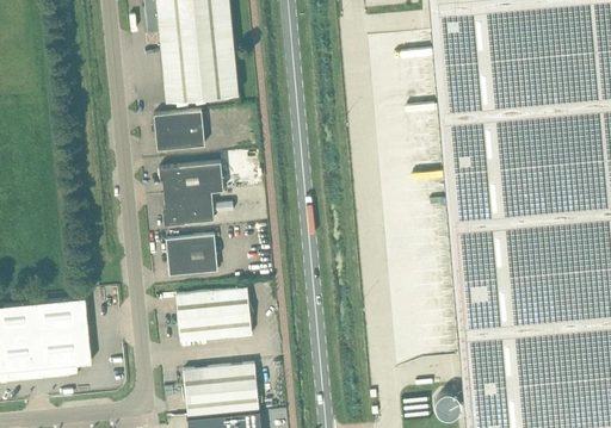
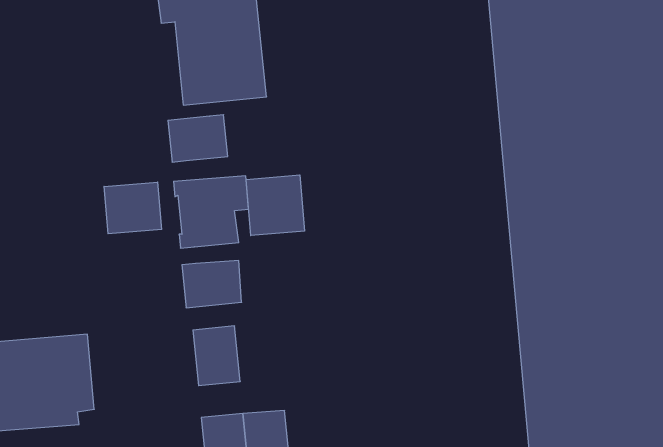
building: none -> [246,175,304,236]
building: none -> [104,182,162,234]
building: [211,286,252,337] -> none

